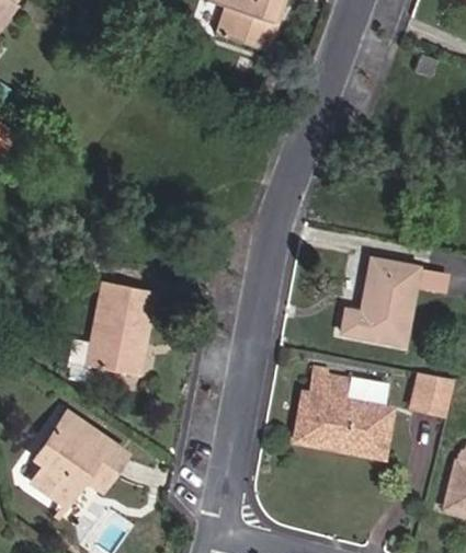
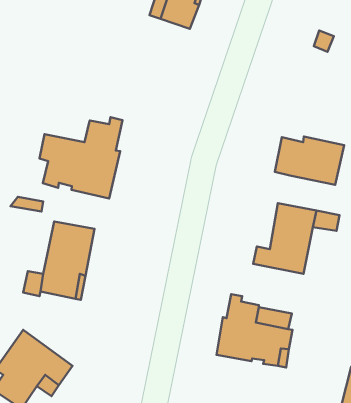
building: none -> [39,117,122,198]
building: none -> [275,136,344,185]
building: [410,371,453,416] -> none

